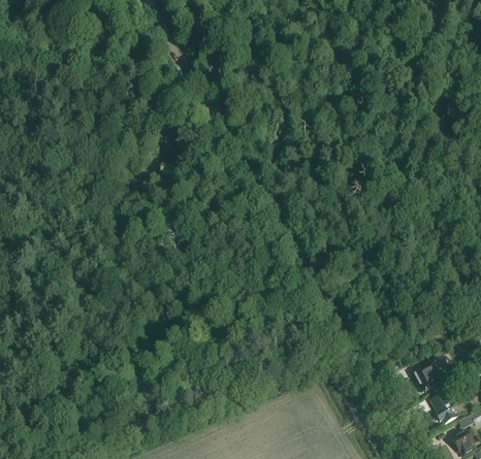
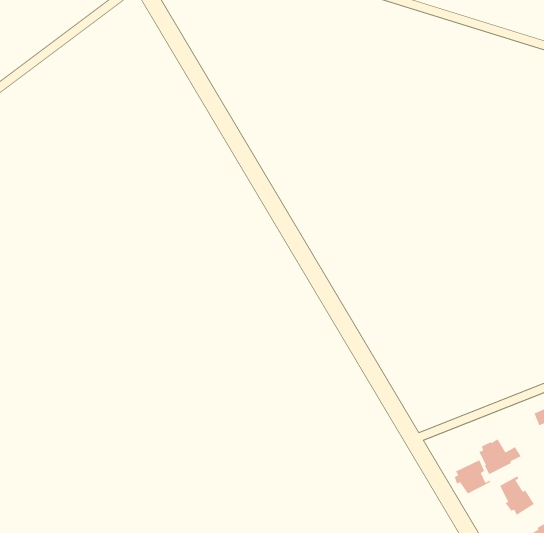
building: none -> [454,459,491,495]

